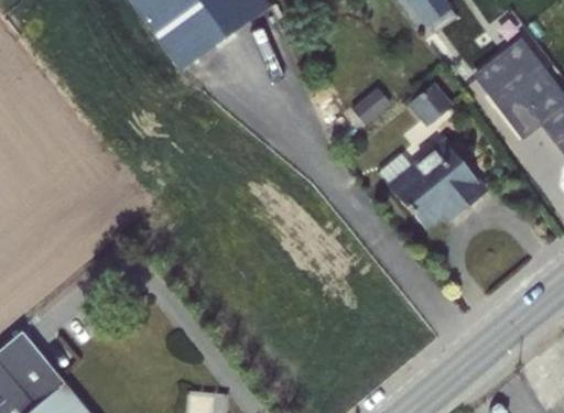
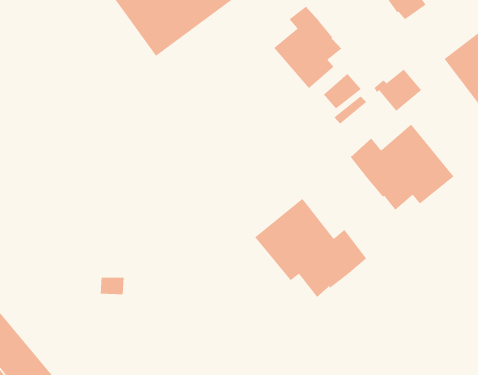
building: none -> [273,6,342,89]
building: none -> [254,198,367,298]

